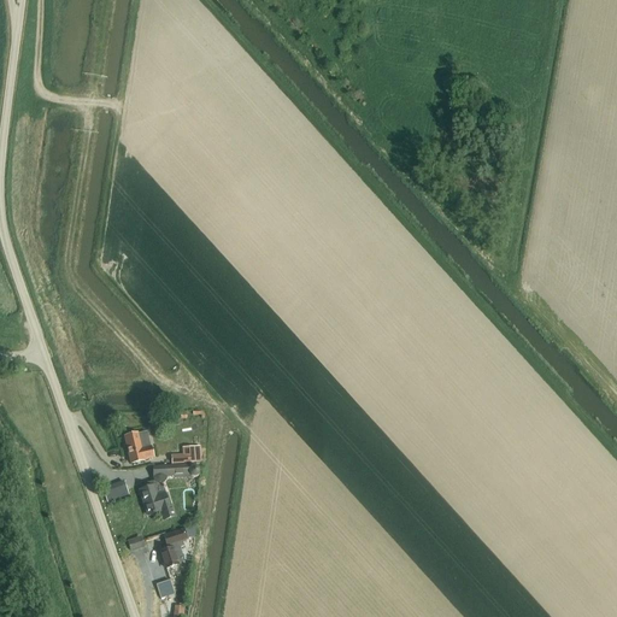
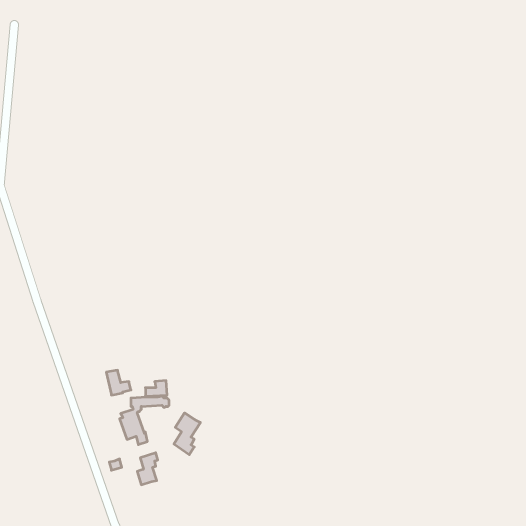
building: none -> [174,413,200,455]

